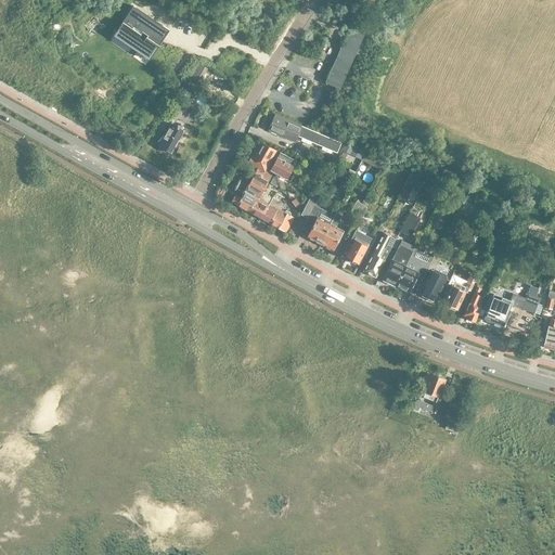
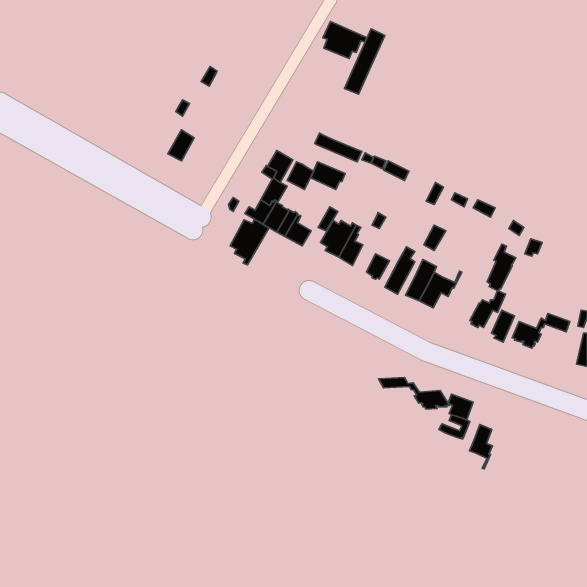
building: [112,5,169,61] -> none
building: none -> [323,21,367,59]
building: [269,115,301,141] -> [311,162,345,189]
building: none -> [230,219,269,265]
building: [422,257,449,301] -> [487,244,516,291]
building: none -> [379,377,449,409]
building: none -> [469,425,492,469]

